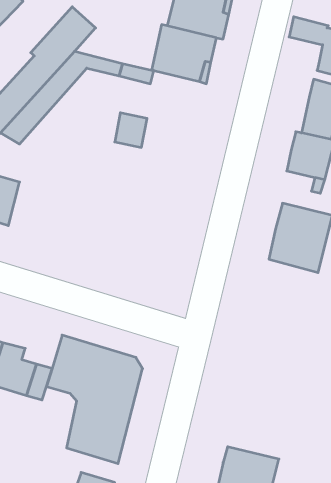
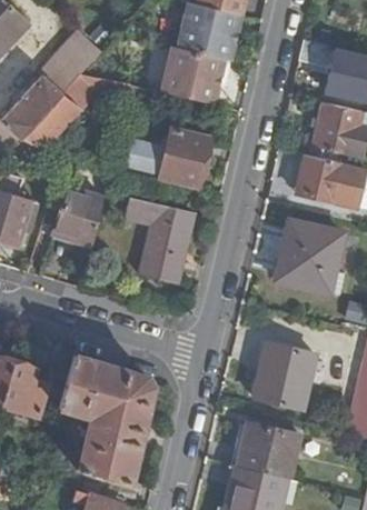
building: none -> [161,130,211,187]
building: none -> [54,187,105,247]
building: none -> [126,198,194,287]
building: none -> [251,344,313,408]
building: none -> [237,422,298,479]

